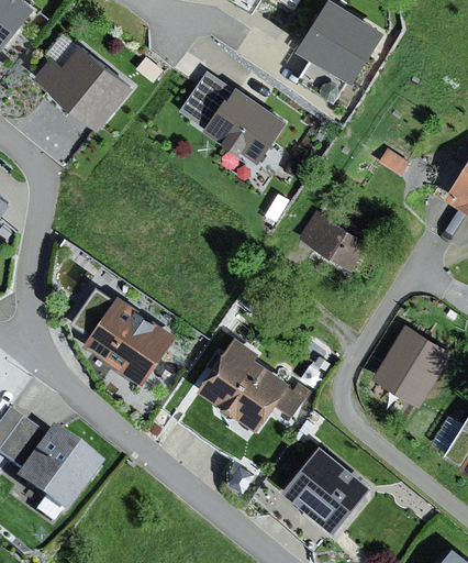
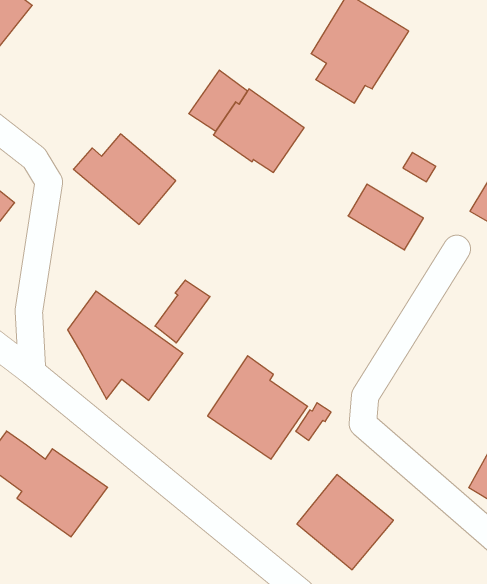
building: [33,45,129,130] -> [73,134,176,224]
building: [298,210,368,272] -> [348,184,423,250]
building: none -> [155,280,210,343]
building: [370,324,452,408] -> none

